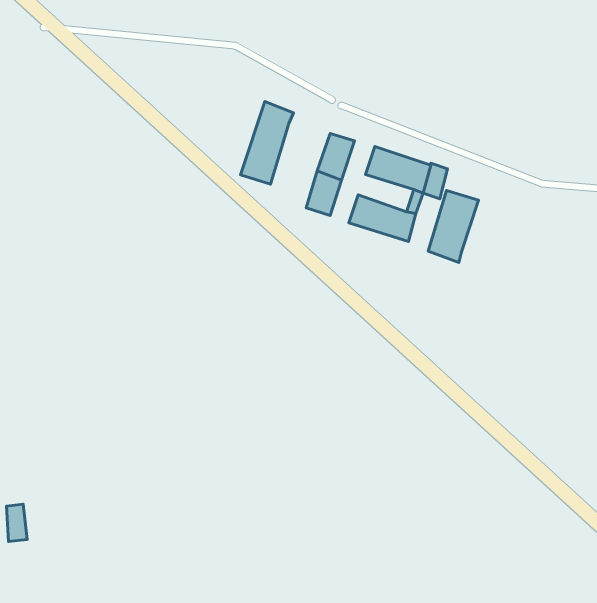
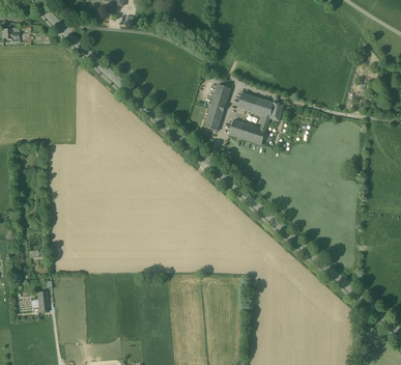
building: [240,102,294,184] -> none
building: [428,191,478,263] -> none

